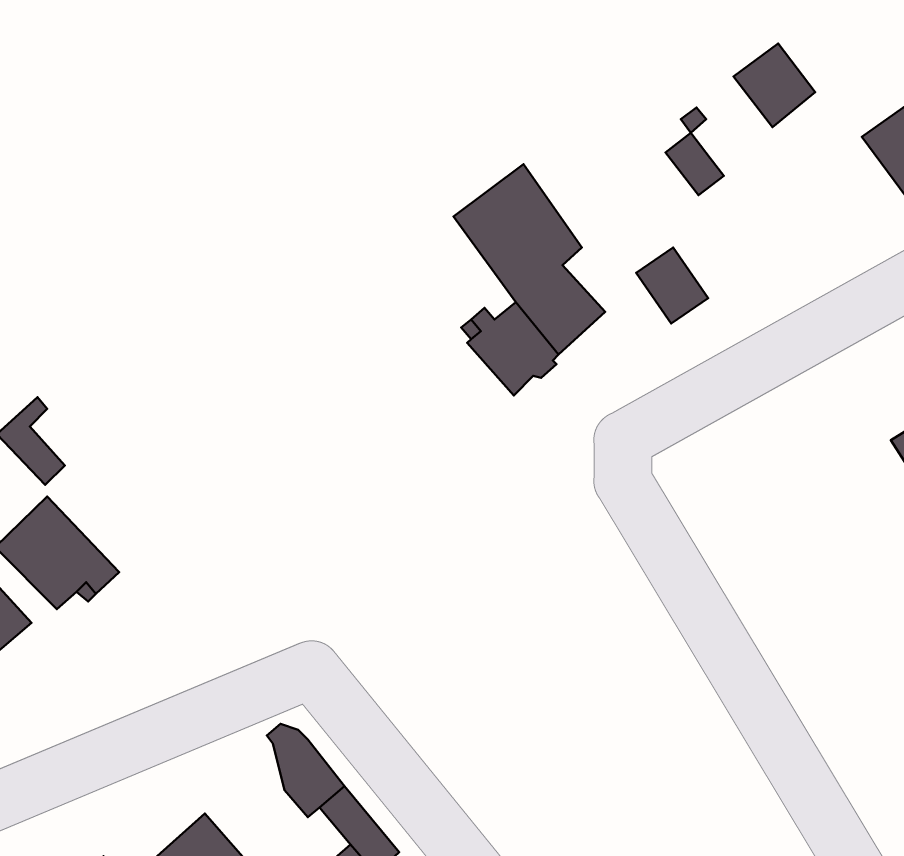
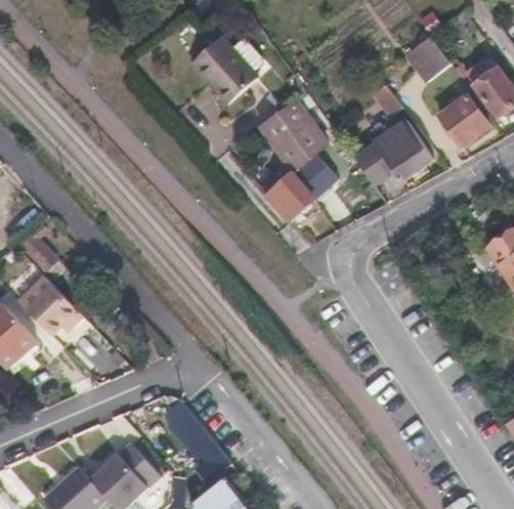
building: none -> [190,37,258,103]
building: none -> [439,95,488,144]
building: none -> [373,120,433,181]

